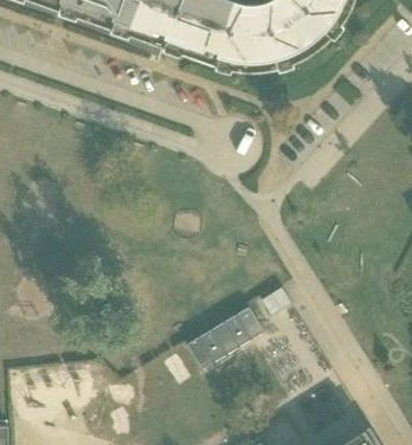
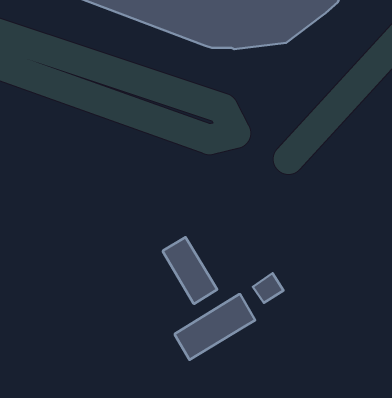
building: none -> [163,237,217,304]

